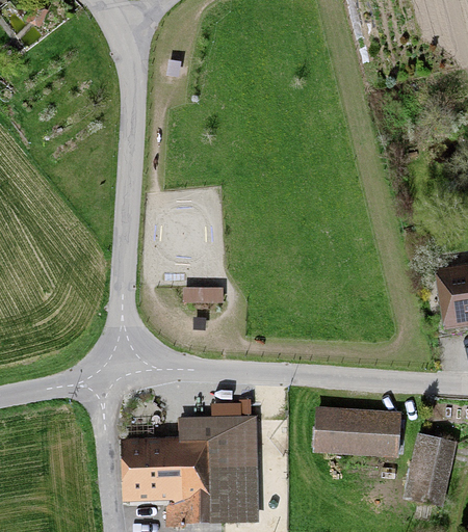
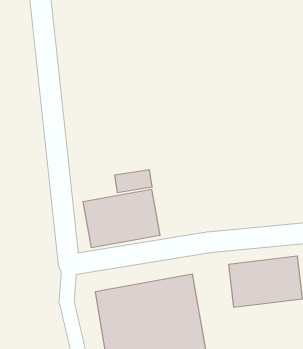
building: none -> [83,189,160,248]

